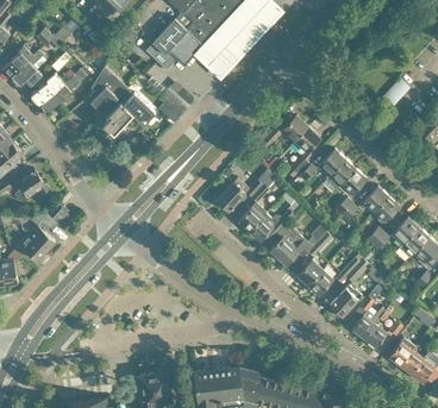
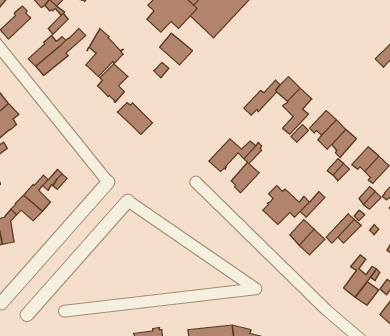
building: [11,50,43,87] -> none
building: [118,93,154,125] -> [117,103,153,134]
building: [14,170,48,202] -> none
building: [246,211,293,241] -> none
building: [328,285,361,318] -> none

